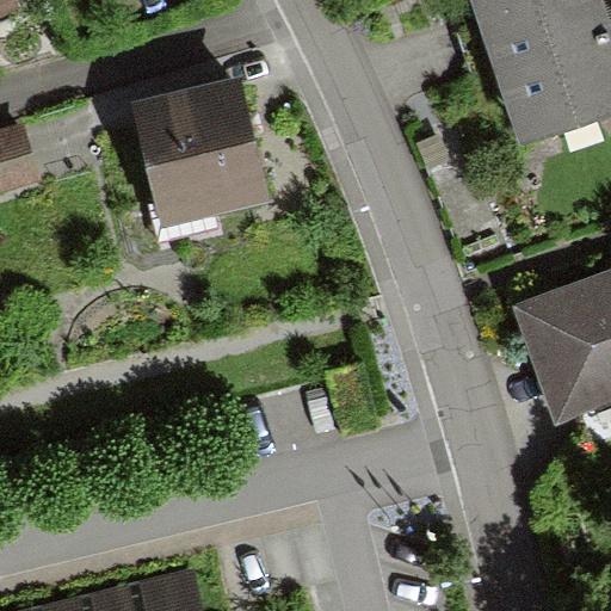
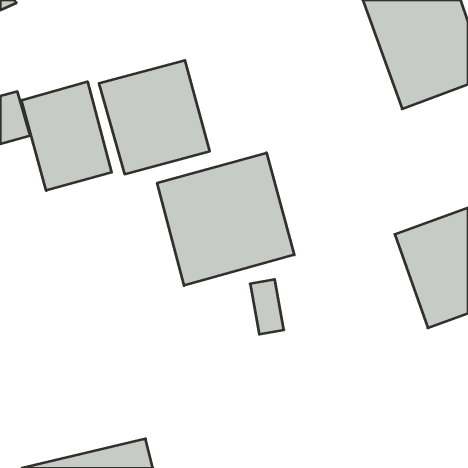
building: none -> [22,82,112,191]
building: none -> [157,153,294,286]

